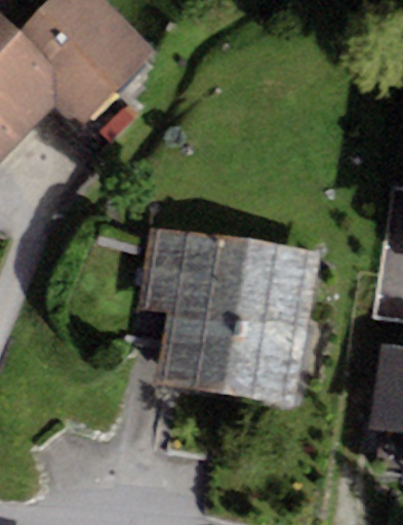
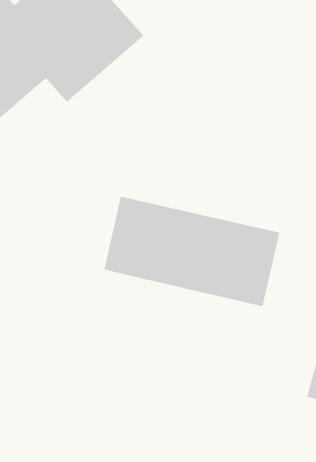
building: [154,312,312,405] -> none

